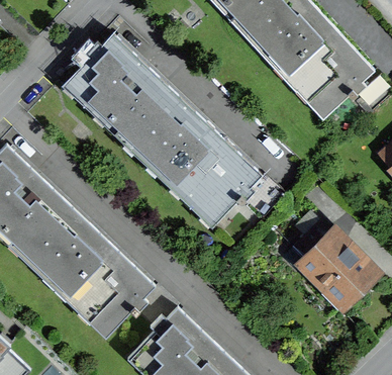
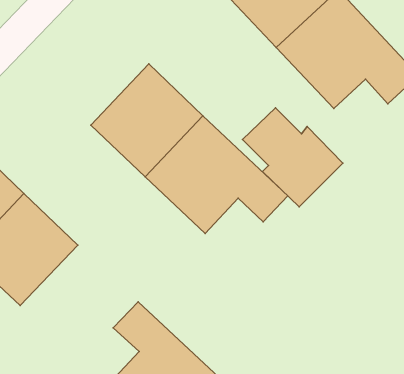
building: [63,32,164,133] -> none
building: [292,221,378,306] -> [242,108,343,207]
building: [54,237,155,338] -> none

